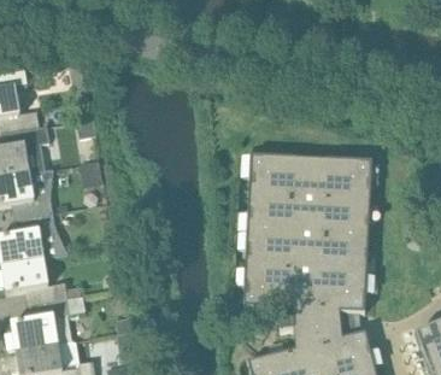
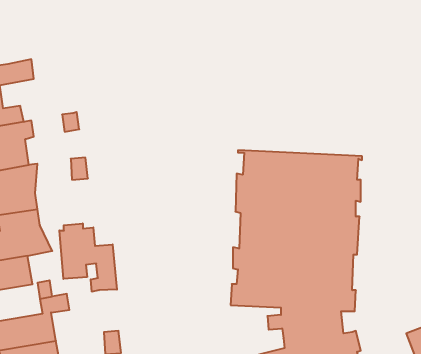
building: none -> [59,223,117,292]

